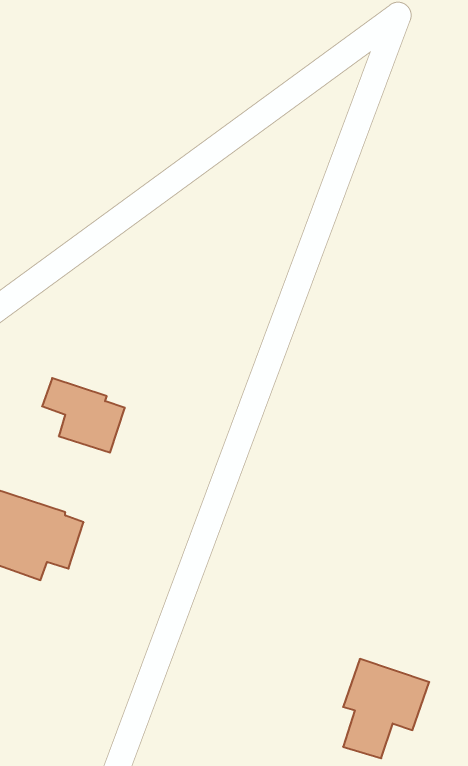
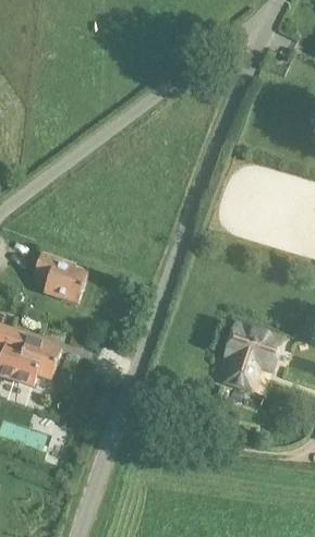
building: [343,659,429,758] -> [225,324,281,389]

